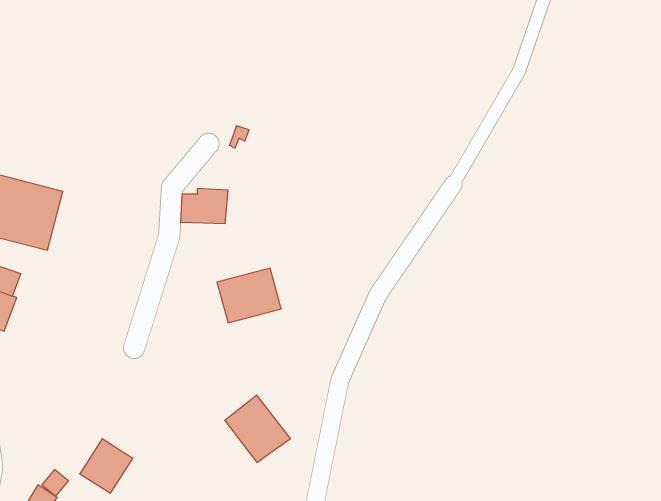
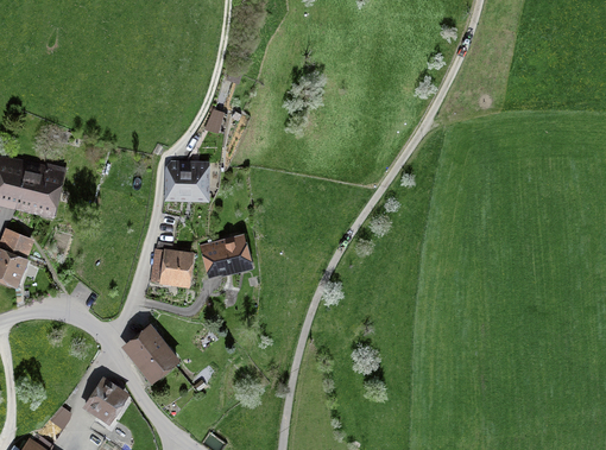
building: none -> [151,249,194,287]
building: [225,395,290,462] -> [122,325,178,382]

